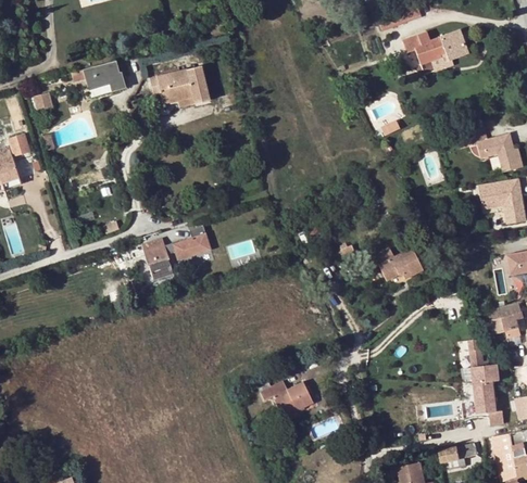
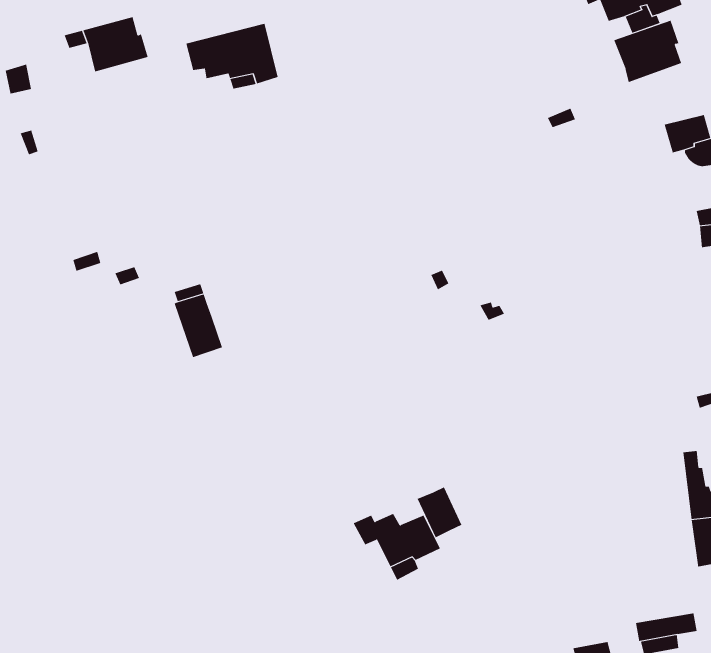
building: none -> [614,20,682,83]
building: [163,226,210,262] -> none
building: [374,247,424,281] -> none
building: none -> [417,487,462,538]

